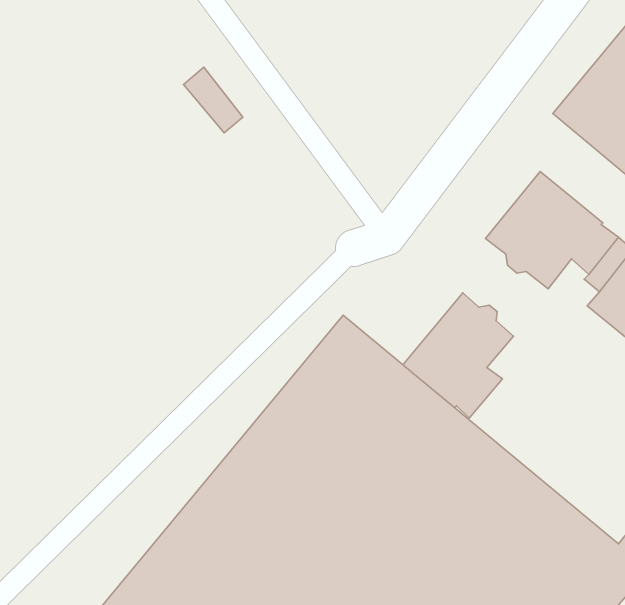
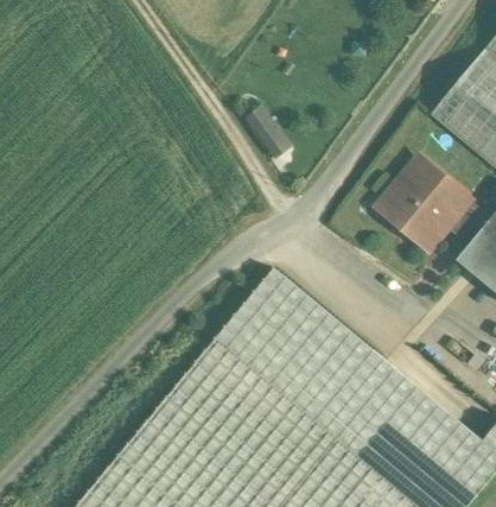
building: [184,67,243,133] -> [243,109,288,159]
building: [403,293,514,418] -> none

